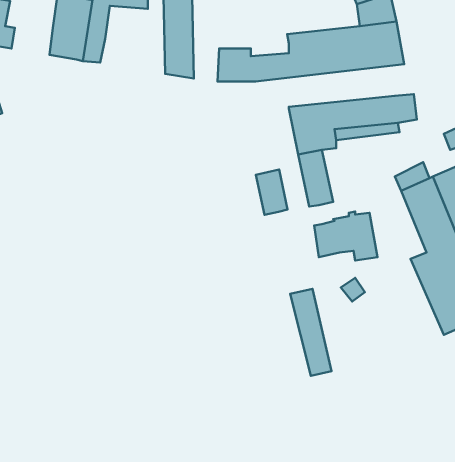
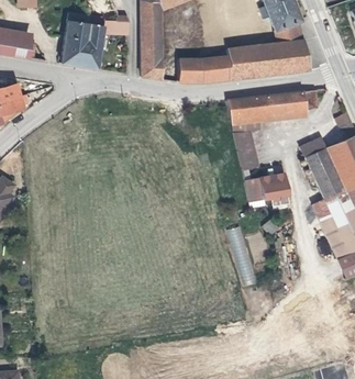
building: [256,170,288,215] -> none

